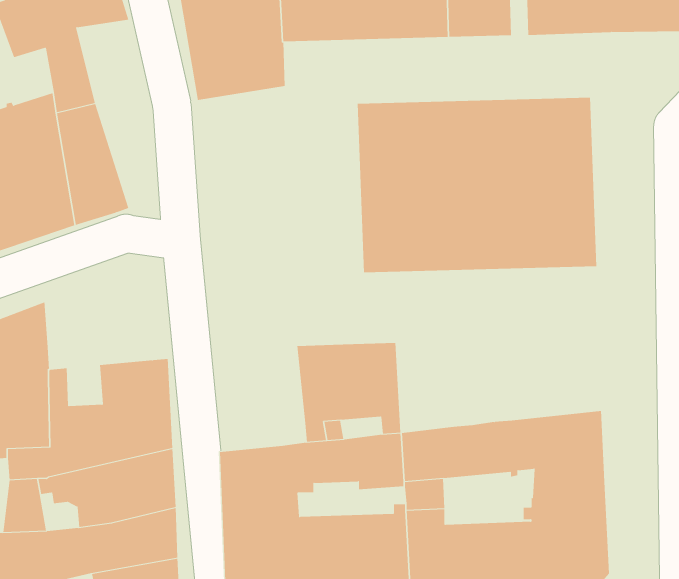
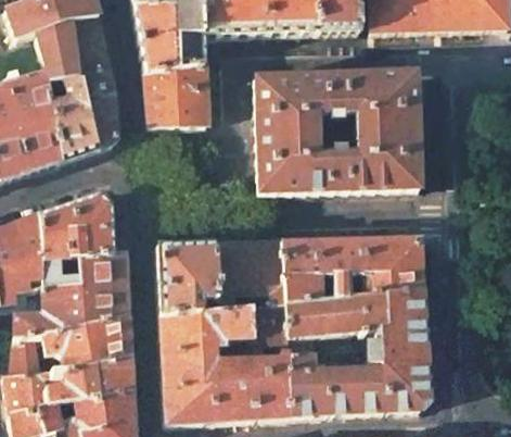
building: none -> [63,20,117,149]
building: none -> [145,65,207,126]
building: none -> [41,193,115,260]
building: none -> [282,238,423,303]
building: none -> [157,244,219,316]

